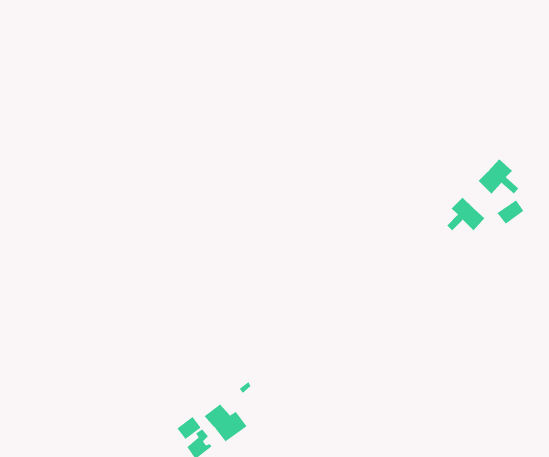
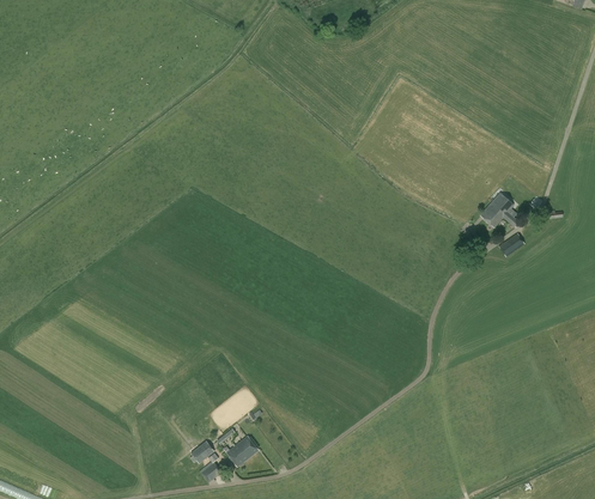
building: [447,197,485,231] -> none

